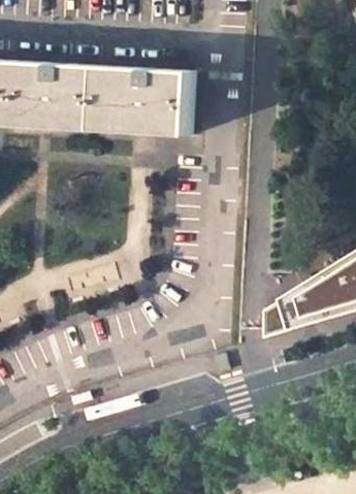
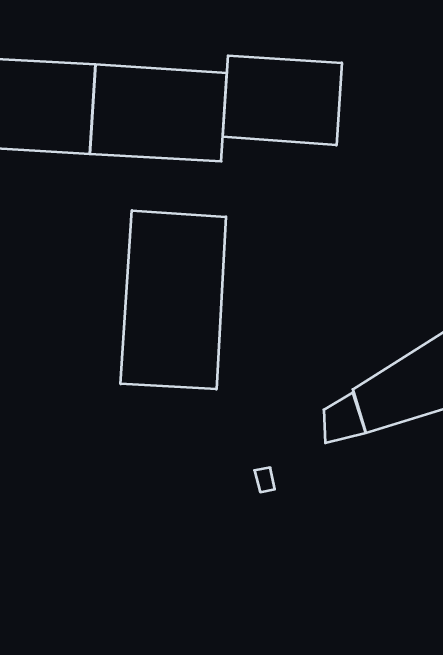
building: none -> [223,56,342,145]
building: none -> [121,210,226,389]

